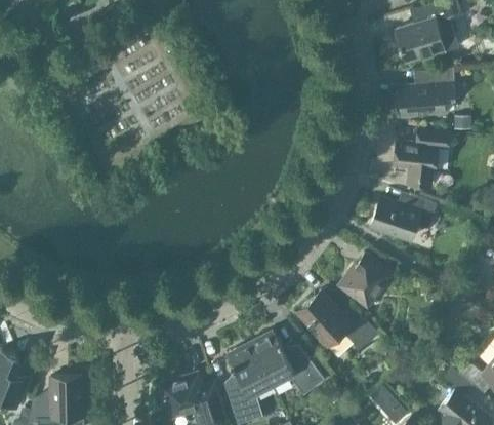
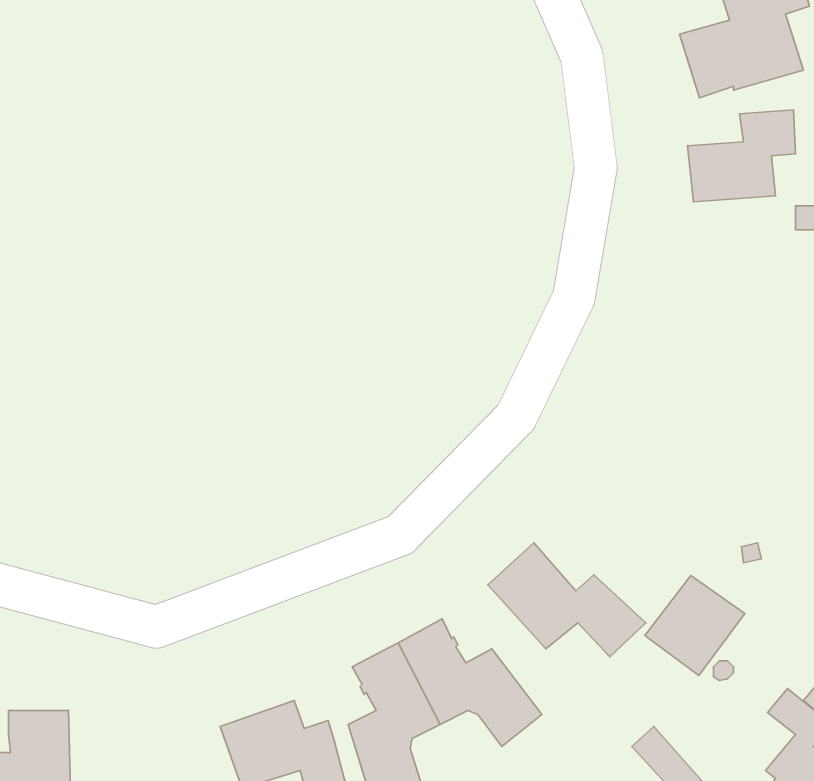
building: [393,130,450,188] -> none
building: [370,196,436,240] -> none
building: [339,256,390,307] -> [645,576,745,675]

